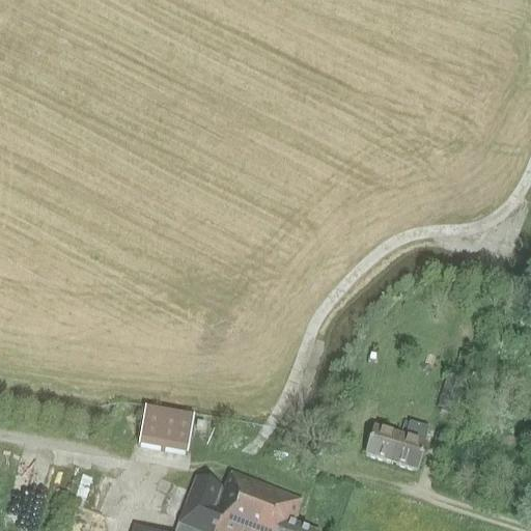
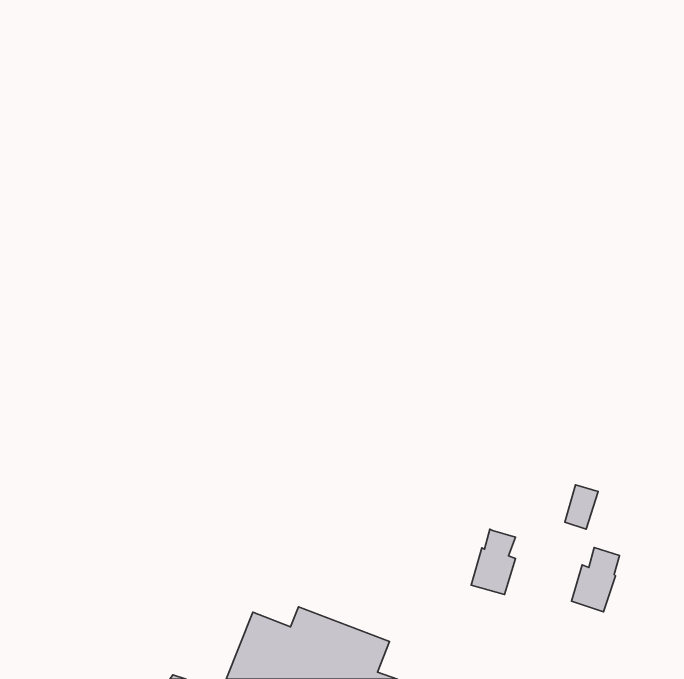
building: [137,404,194,453] -> none
building: [391,419,428,469] -> [571,548,620,612]

